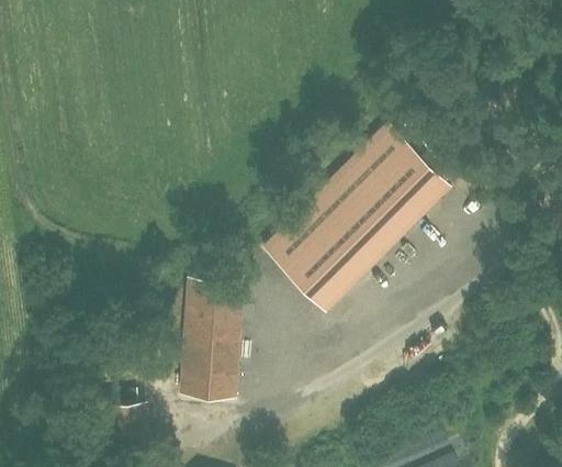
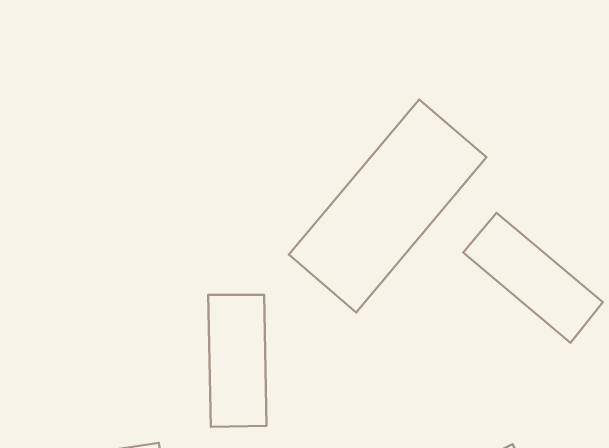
building: none -> [463,213,603,343]

